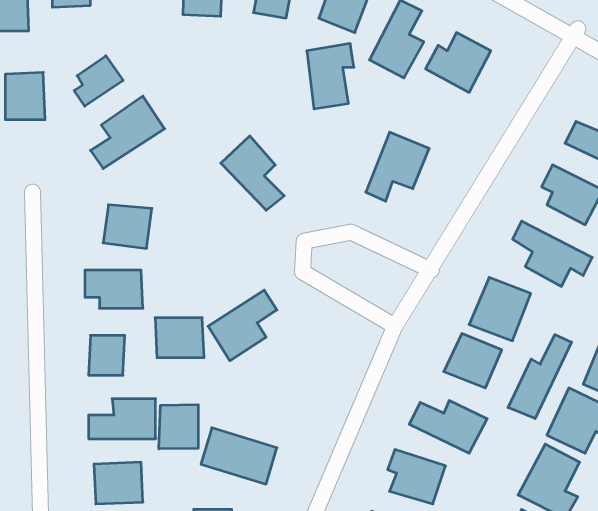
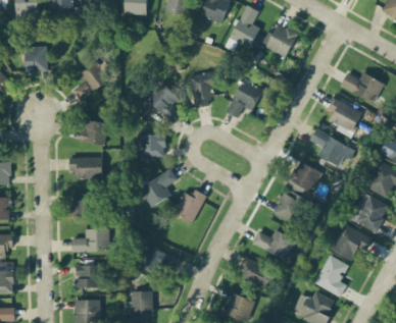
building: [307,44,354,109] -> [190,71,216,108]
building: [74,56,123,106] -> none
building: [155,318,204,358] -> [138,134,165,157]
building: none -> [172,190,207,224]
building: [508,335,572,419] -> none
building: [159,405,198,449] -> none

